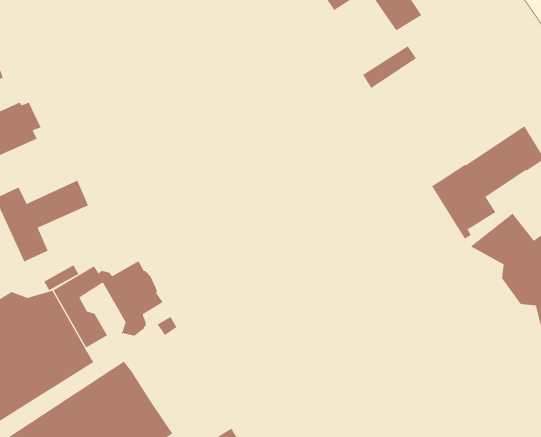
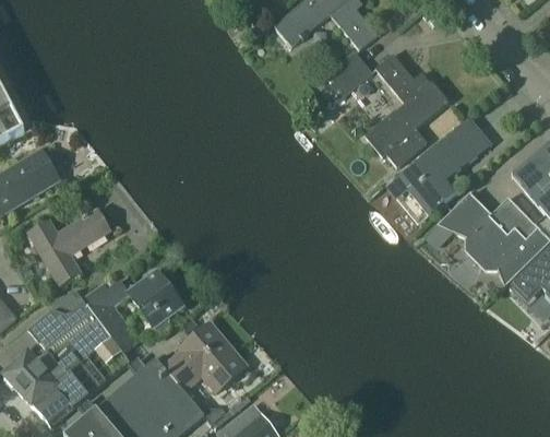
building: none -> [364,54,449,167]
building: none -> [163,320,247,391]

